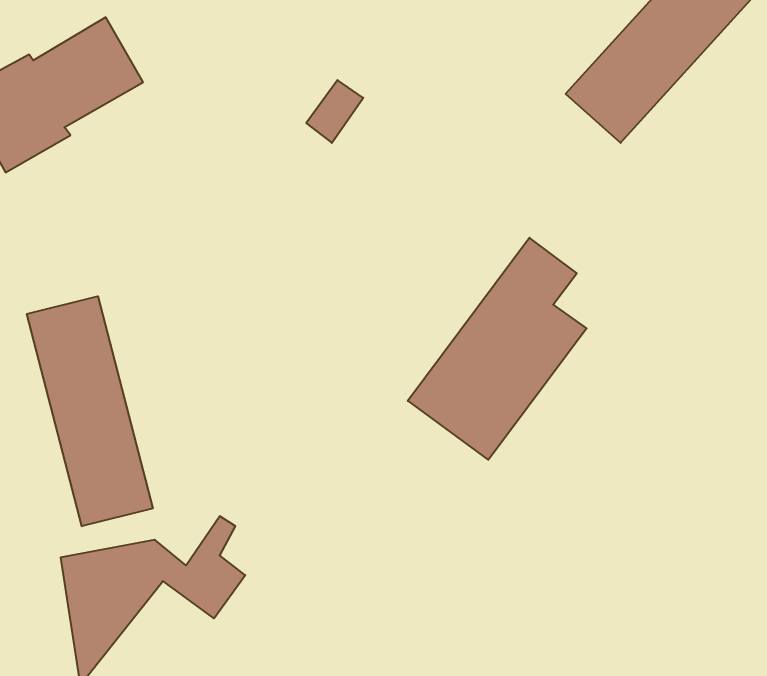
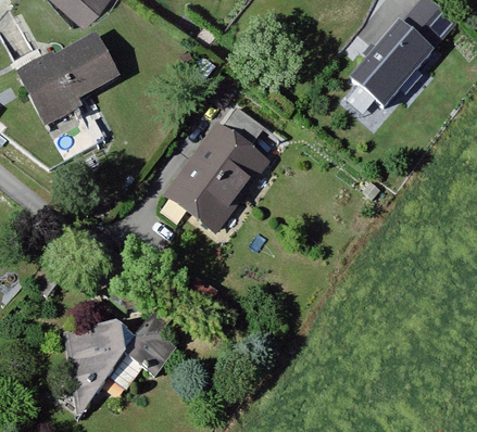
building: [408,238,587,460] -> [171,106,269,229]
building: [27,296,153,526] -> none

